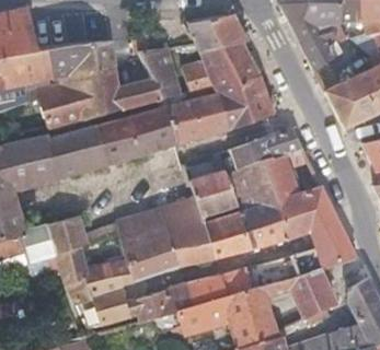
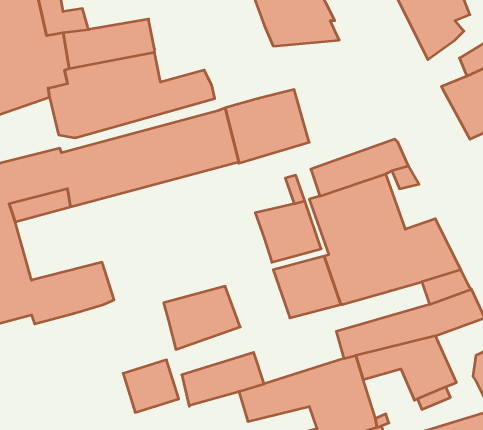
building: [139,48,179,98] -> none
building: [183,56,275,130] -> none
building: [116,200,215,265] -> none
building: [57,248,131,304] -> none
building: [188,268,254,306] -> none

